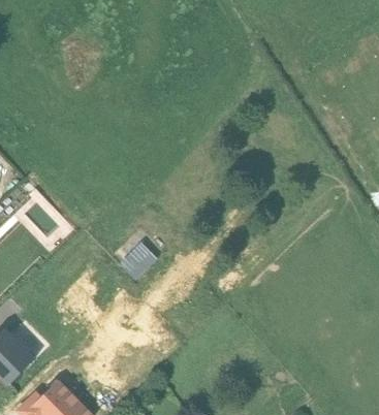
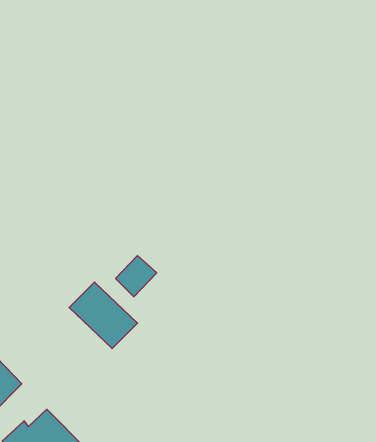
building: none -> [69,282,138,349]

